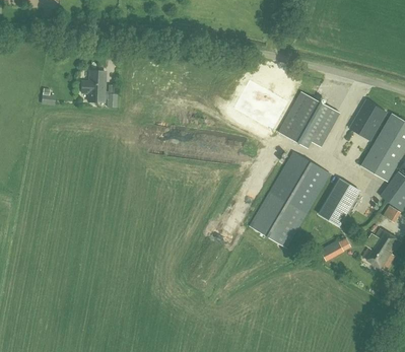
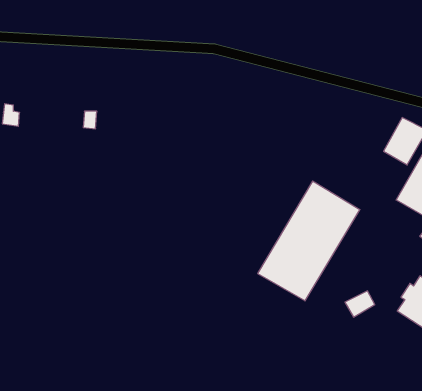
building: [79,71,105,102] -> none
building: [277,91,340,148] -> none
building: [318,179,360,227] -> none

